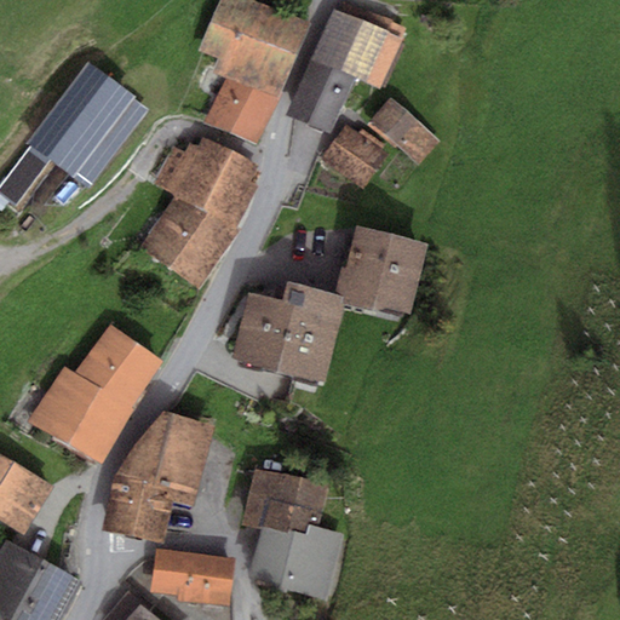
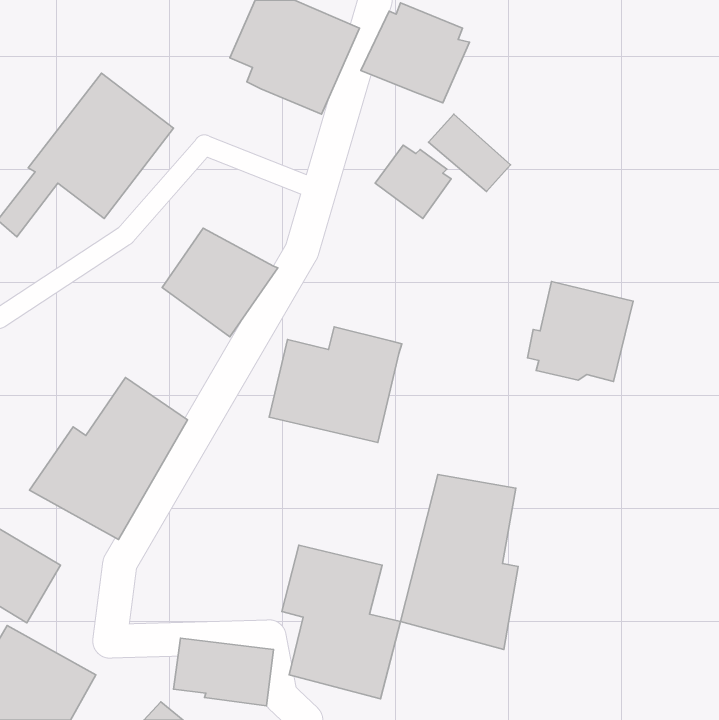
building: [286,61,355,133] -> none
building: [205,76,279,145] -> none
building: [151,139,258,229] -> none
building: [335,228,426,314] -> [528,282,633,382]
building: none -> [400,475,518,649]
building: [101,411,213,542] -> none

